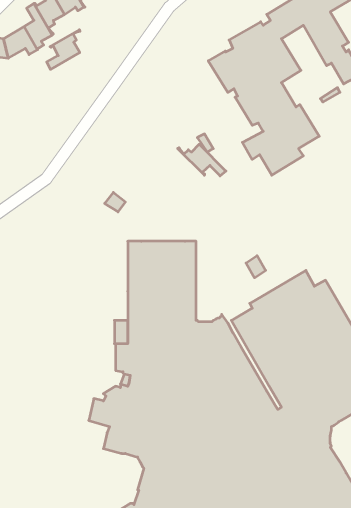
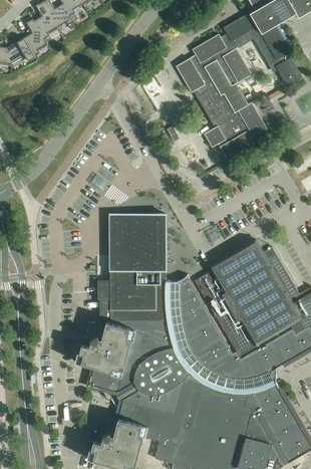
building: [47,30,80,69] -> none
building: [178,144,226,176] -> none

